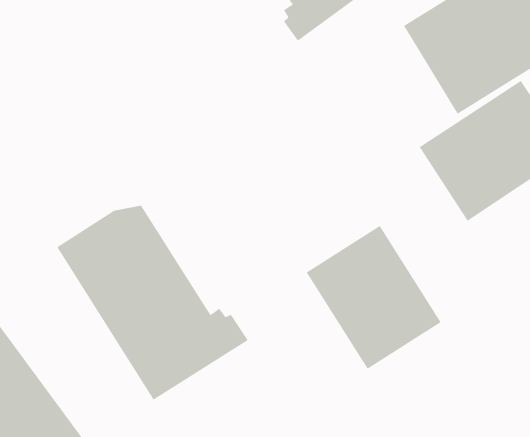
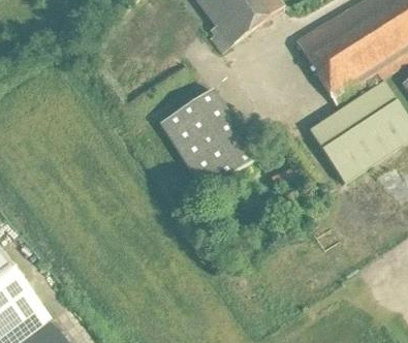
building: [56,205,248,401] -> none
building: [306,225,441,369] -> [161,89,259,193]

